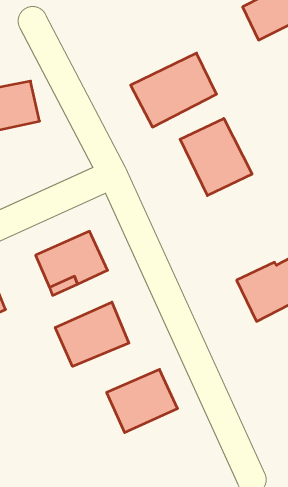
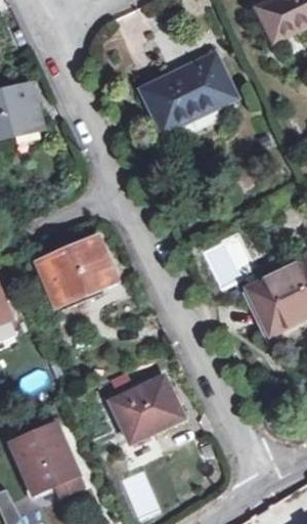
building: [180,118,252,196] -> none
building: [55,302,129,366] -> none
building: none -> [10,423,81,493]

